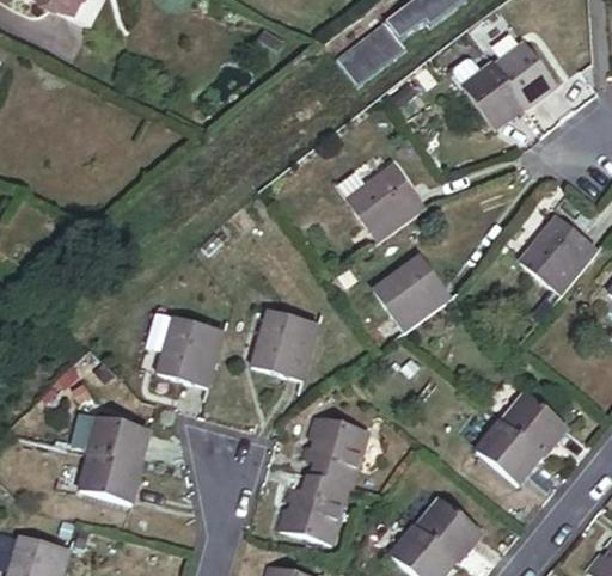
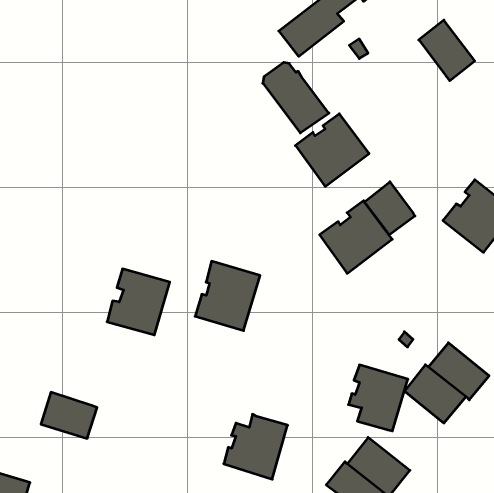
building: [449,51,521,128] -> [263,62,329,133]
building: none -> [364,182,415,235]
building: [306,415,371,486] -> [348,365,408,431]
building: [85,416,146,464] -> none

